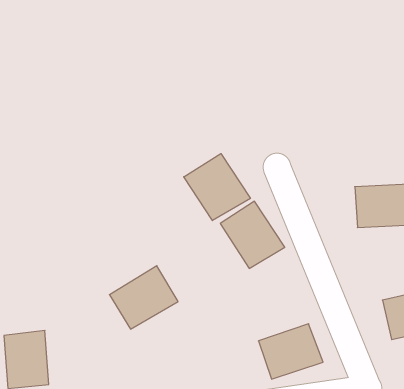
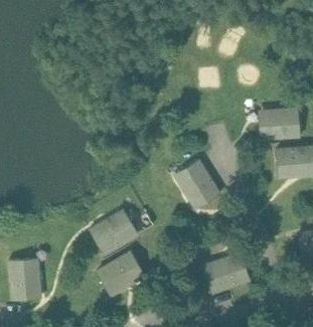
building: none -> [258,107,300,141]
building: [184,154,250,221] -> none
building: none -> [95,250,145,297]

